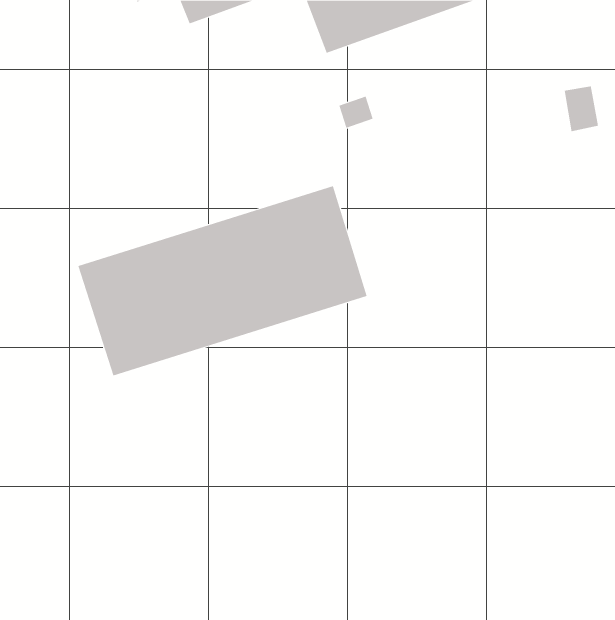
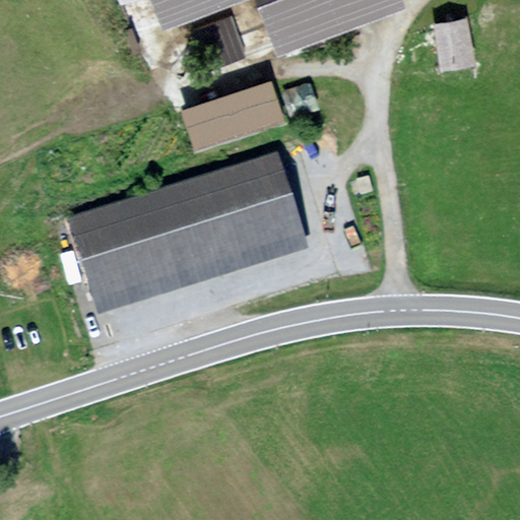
building: [564,86,599,132] -> [438,17,467,56]
building: none -> [182,73,282,141]

